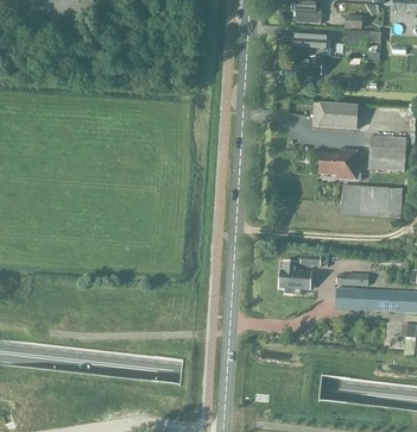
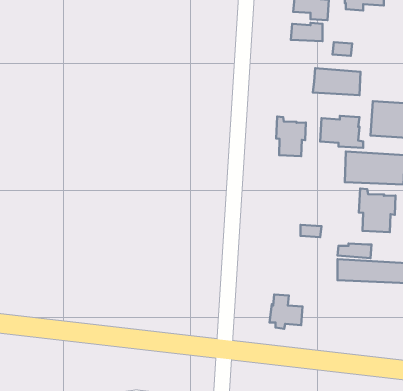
building: none -> [276,117,306,156]
building: none -> [359,189,396,232]
building: [279,261,311,294] -> [269,294,302,329]

